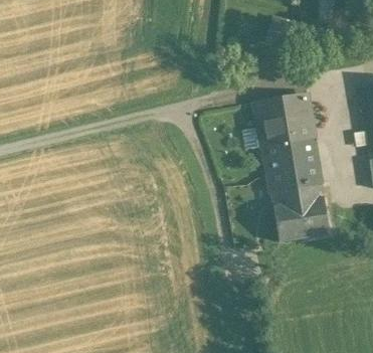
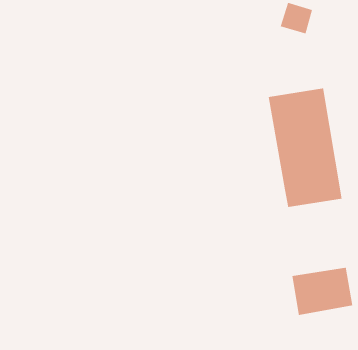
building: [274,196,331,240] -> [292,267,353,315]

